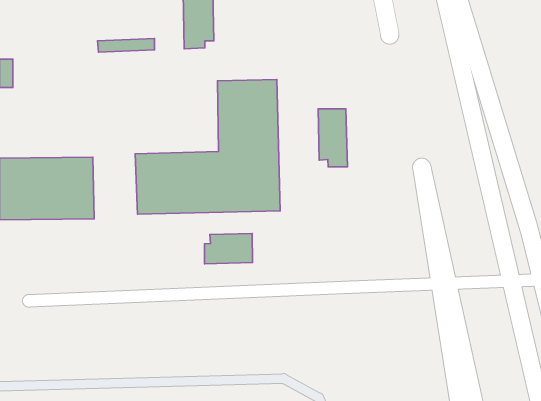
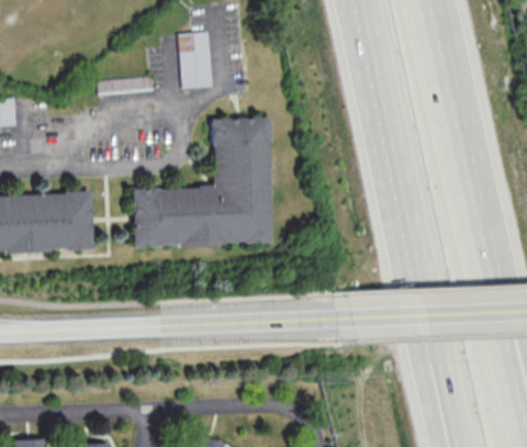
building: [318,109,347,167] -> none
building: [204,234,253,264] -> none

